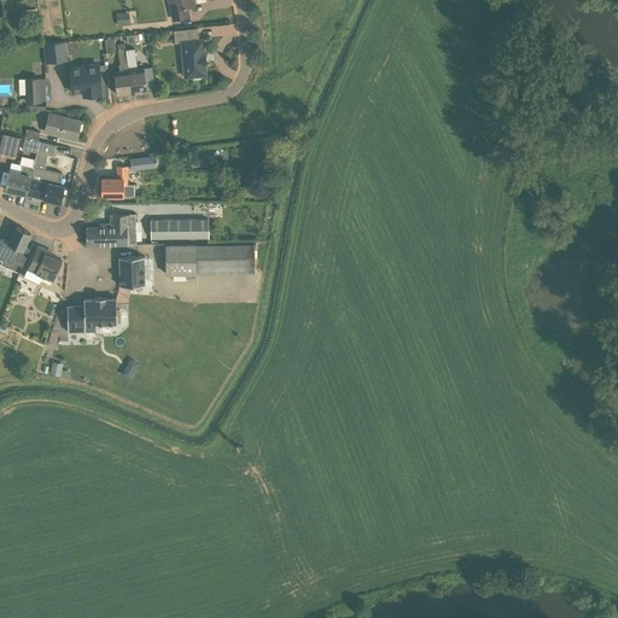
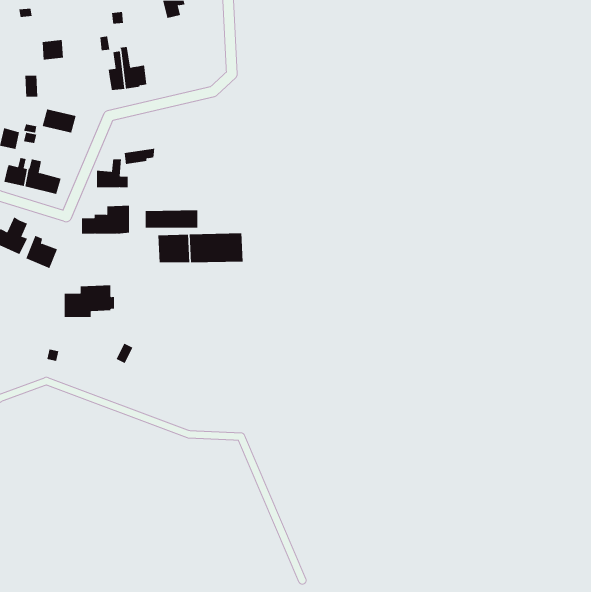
building: [173,28,205,78] -> none
building: [69,62,101,98] -> none
building: [118,256,145,285] -> none

